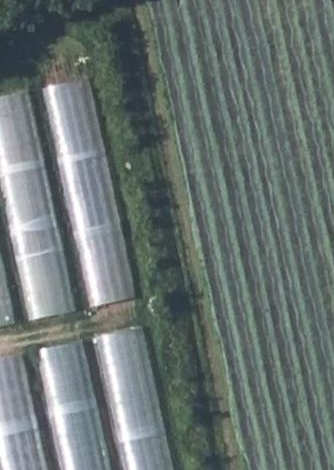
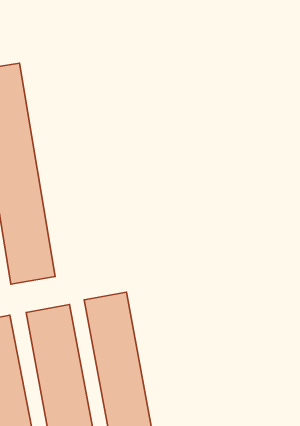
building: [44,78,131,307] -> none

